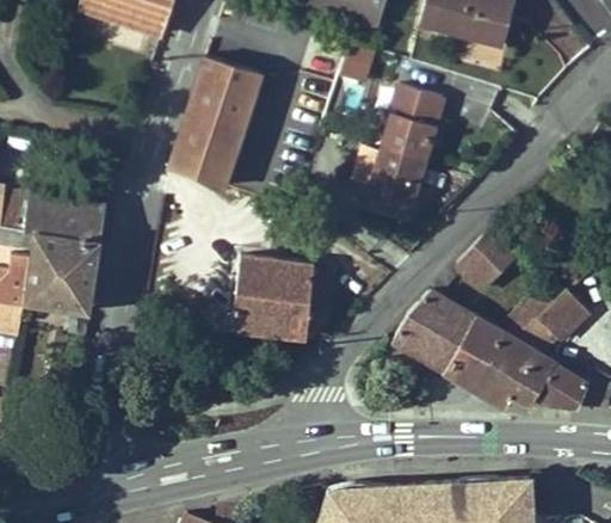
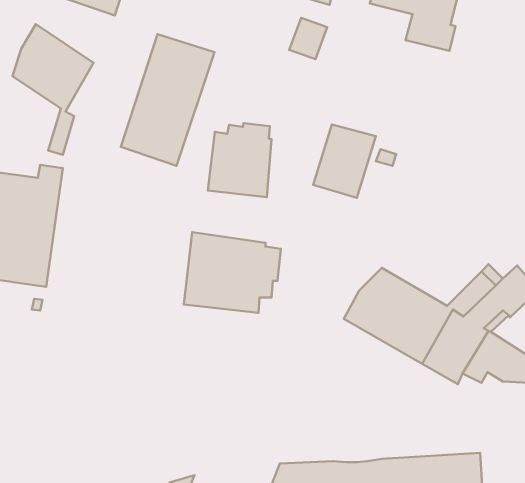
building: none -> [13,24,94,155]
building: [381,86,443,160] -> none
building: none -> [208,123,272,197]
building: [456,228,519,291] -> none

